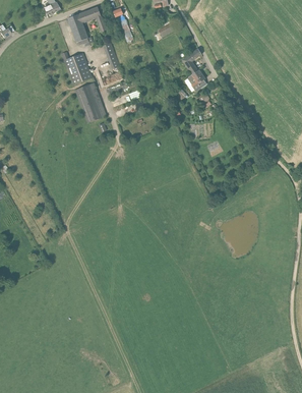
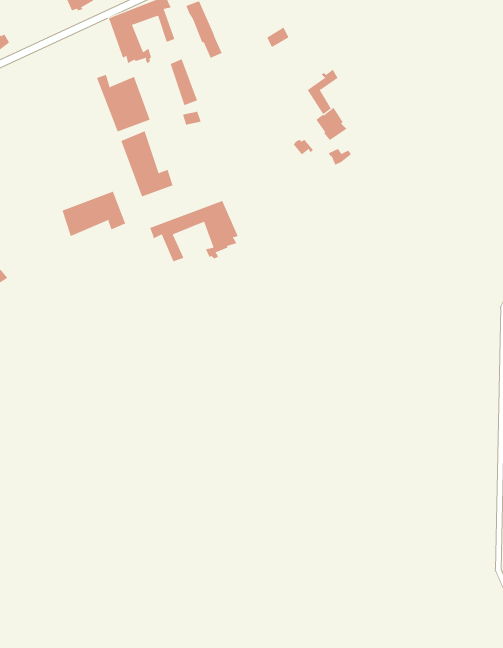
building: none -> [62,191,126,237]
building: none -> [150,200,238,262]

